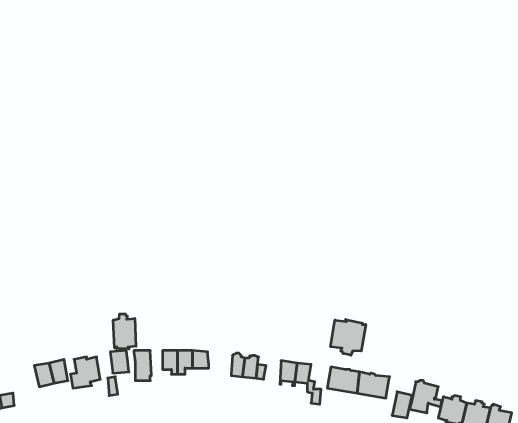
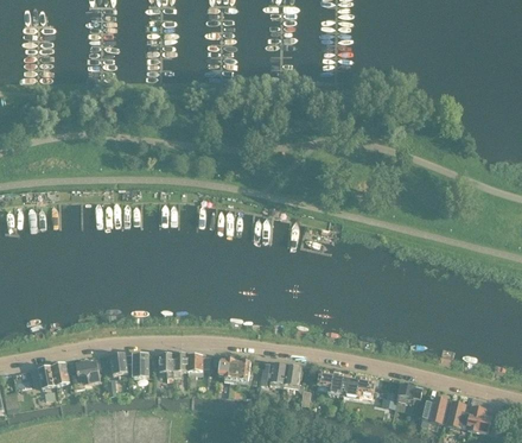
building: [113,314,136,349] -> none
building: [331,319,366,355] -> none

